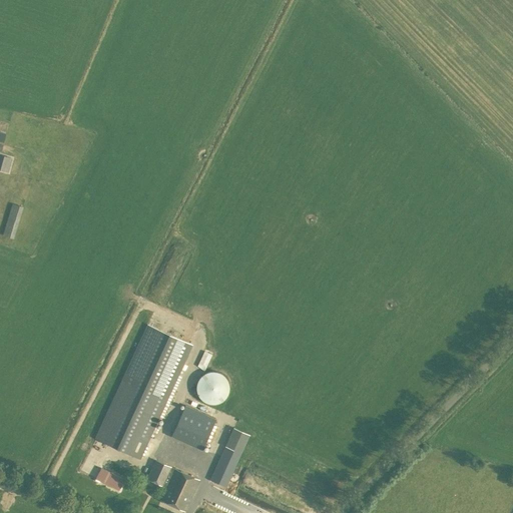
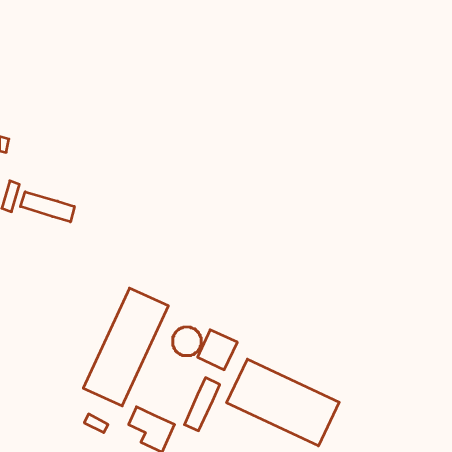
building: none -> [20,192,74,222]
building: [170,406,215,451] -> [198,330,237,370]
building: none -> [227,359,339,446]

